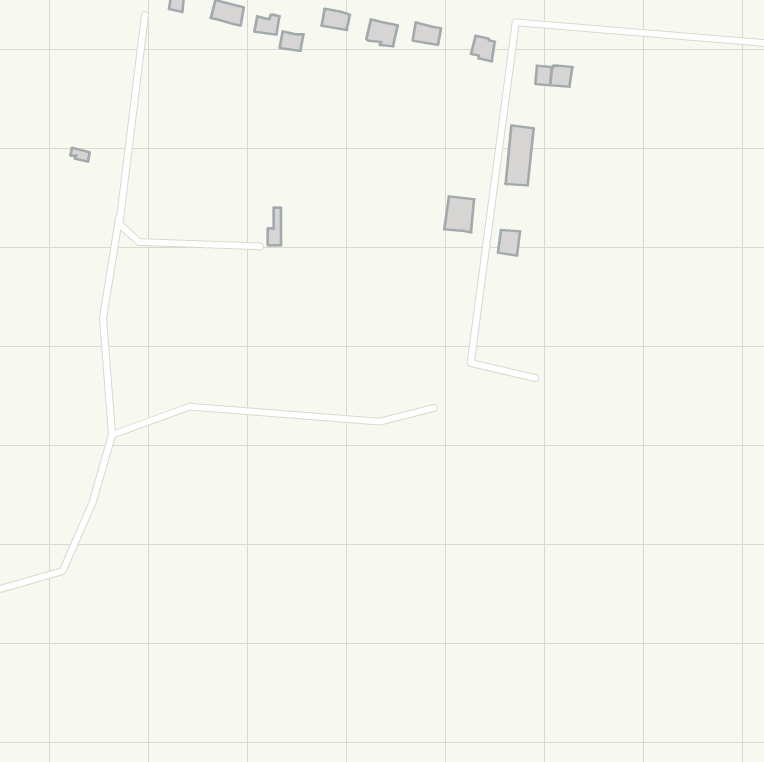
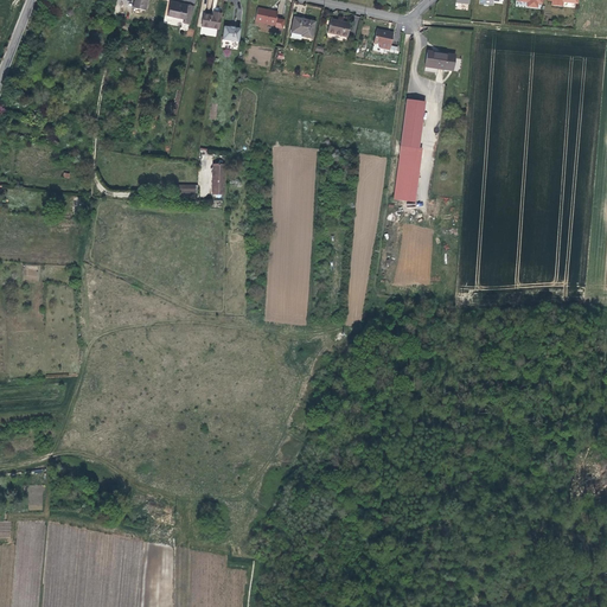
building: [444,196,474,232] -> [397,156,421,185]

